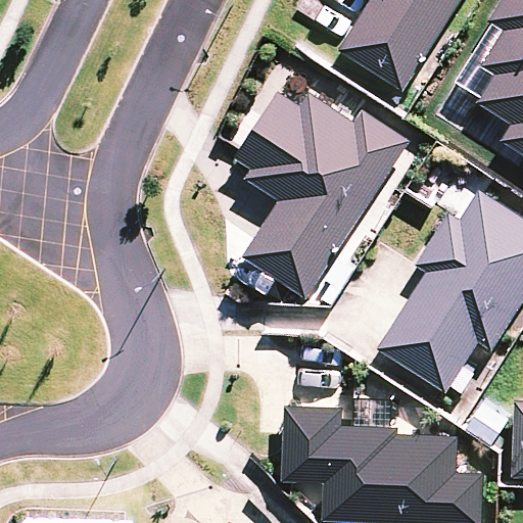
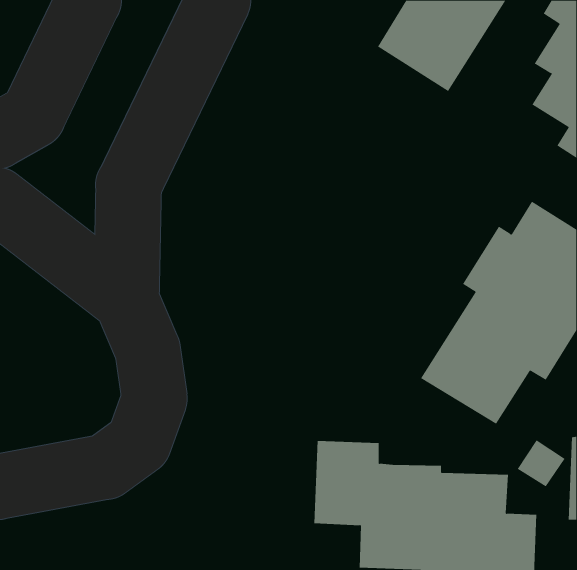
building: [234,92,411,298] -> none

